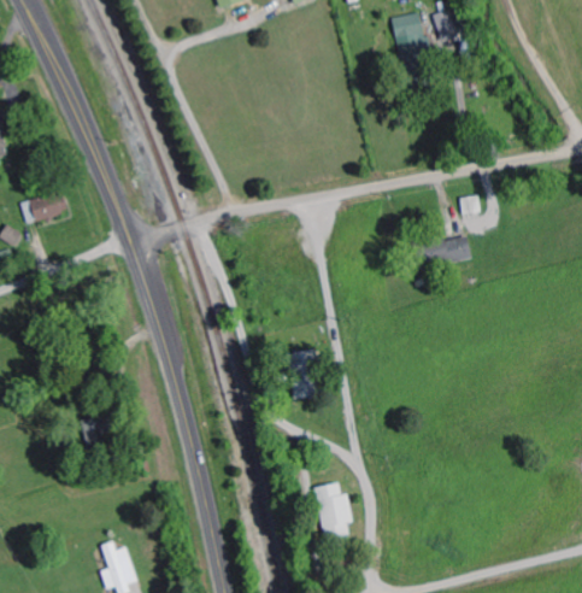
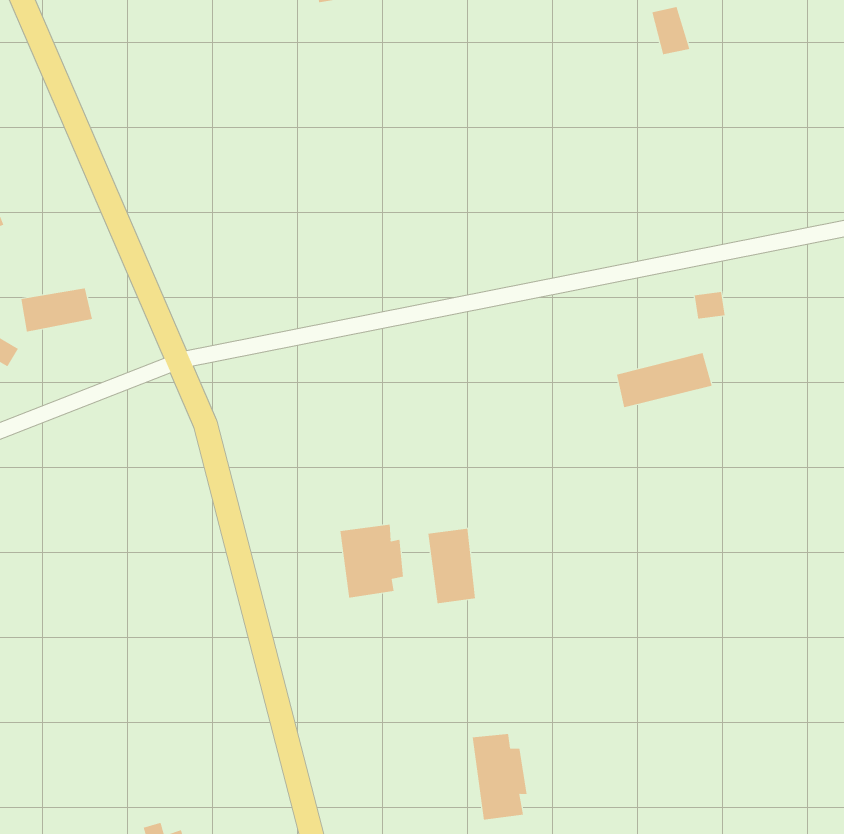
building: [392,10,430,59] -> none
building: none -> [340,524,403,599]

